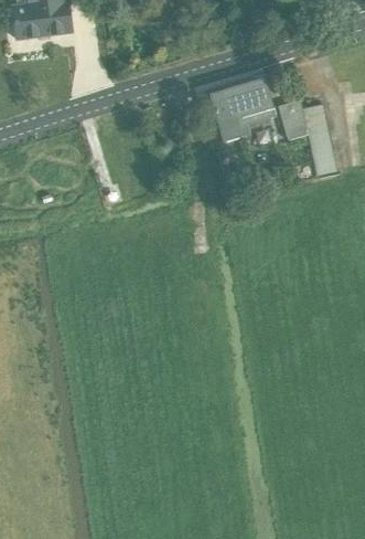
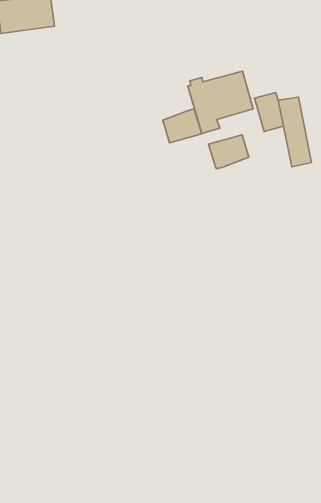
building: none -> [163,109,202,143]
building: none -> [209,135,249,169]

